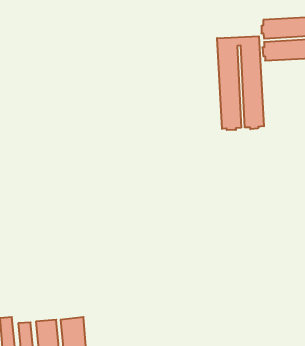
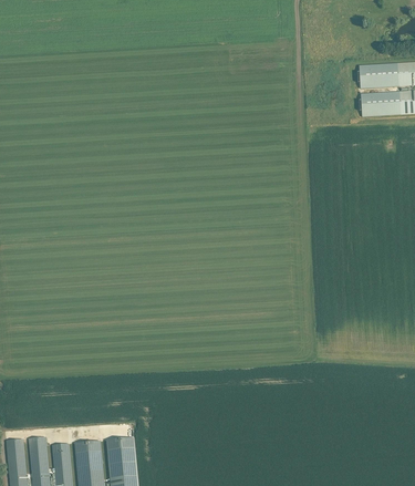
building: [217,36,264,130] -> none

